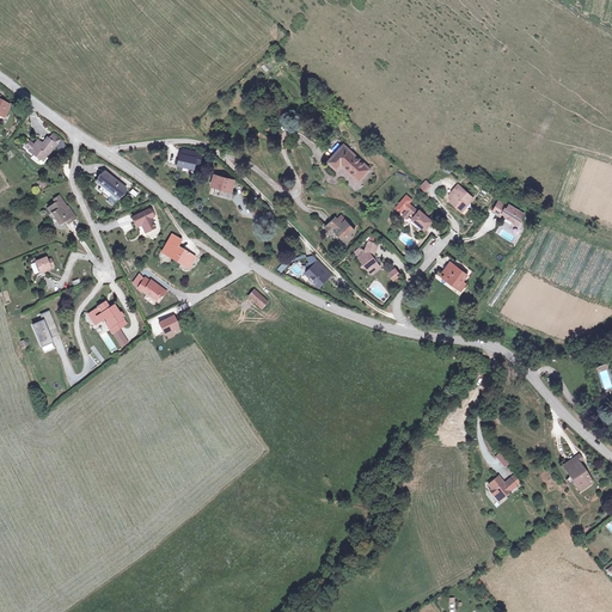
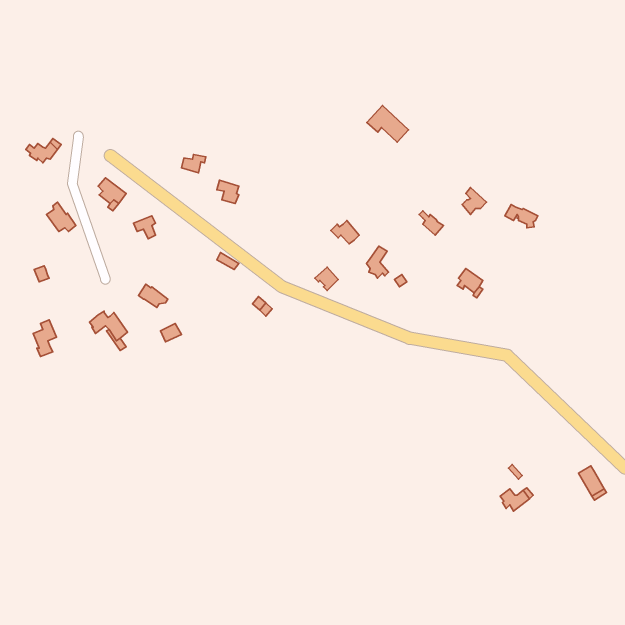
building: [326,143,367,179] -> [367,105,408,142]
building: [158,233,191,267] -> none

